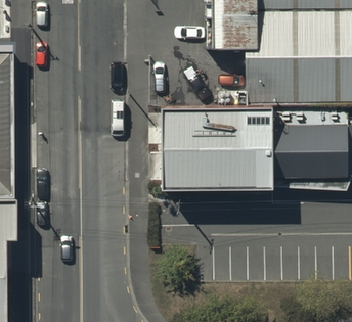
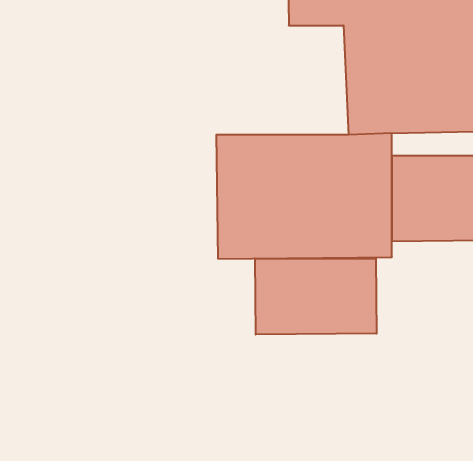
building: none -> [255,258,377,335]

